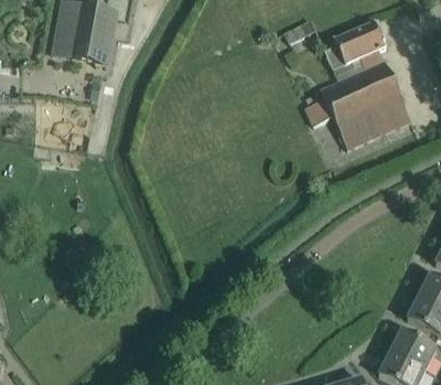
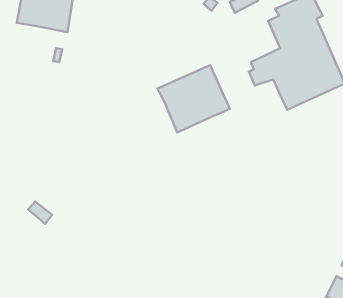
building: none -> [157,65,230,132]

